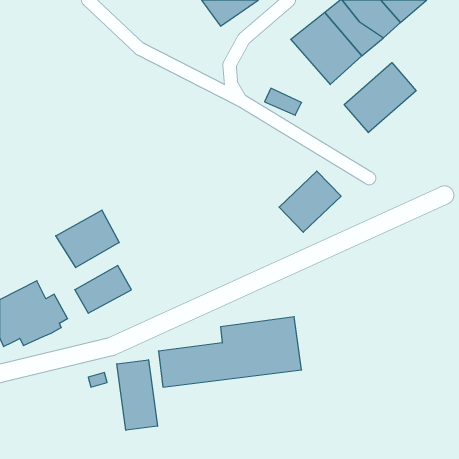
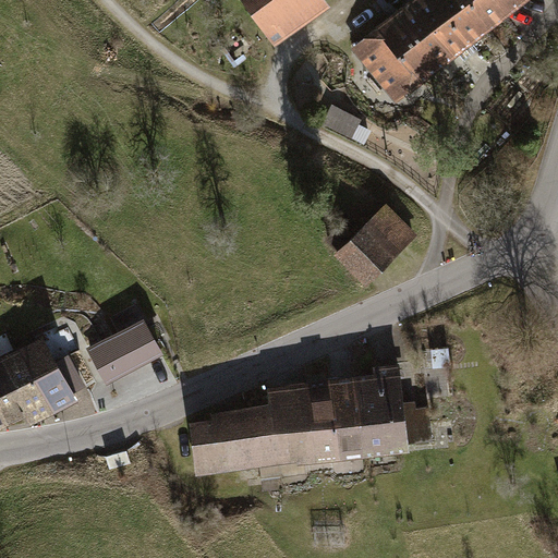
building: [344,63,416,133] -> none
building: [56,210,119,268] -> none
building: none -> [355,368,407,449]
building: [117,360,157,430] -> none

